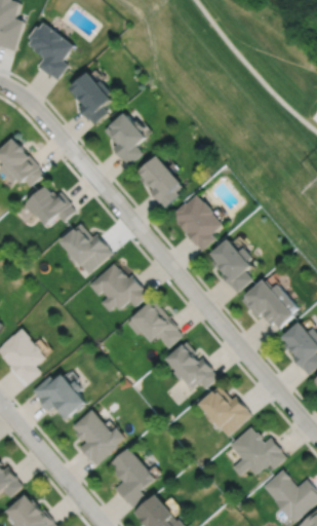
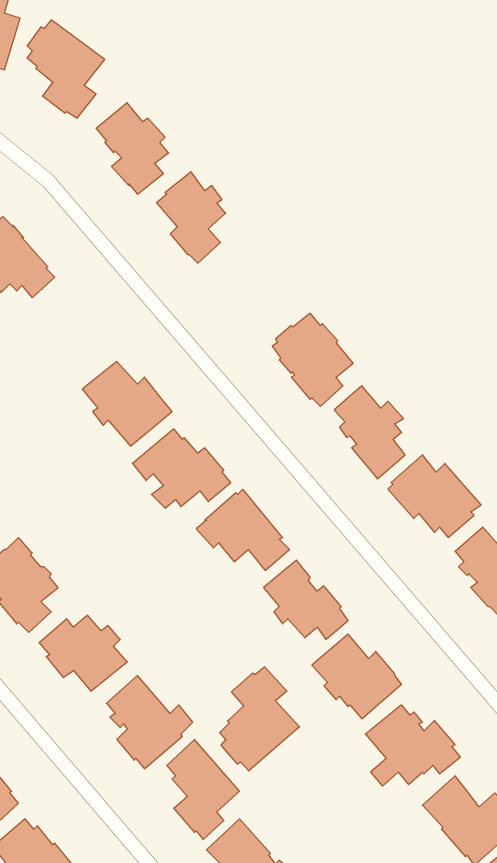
building: [136,154,180,206] -> none
building: [27,184,75,224] -> none
building: none -> [220,667,300,771]

